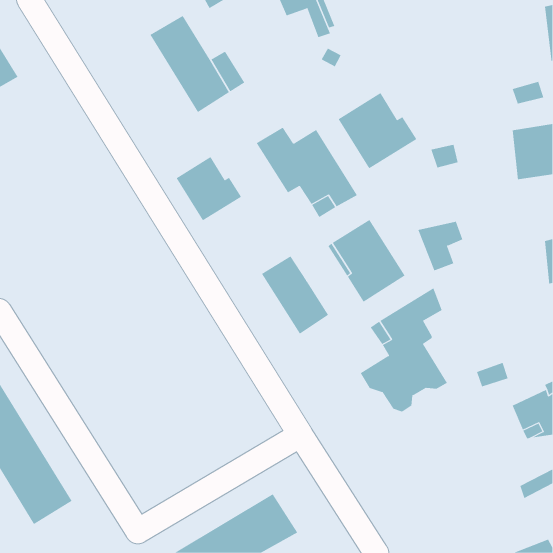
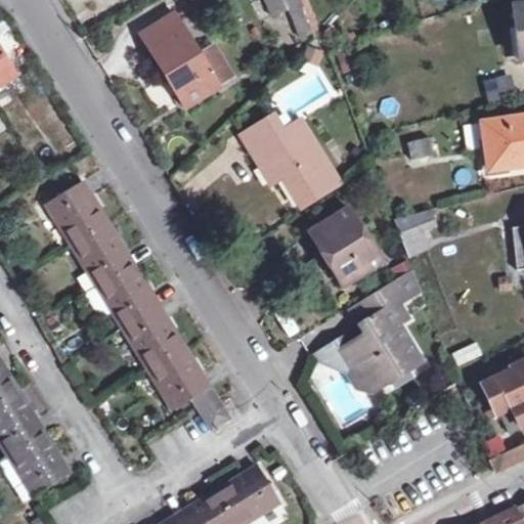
building: [338,92,417,169] -> none
building: [176,156,242,221] -> none
building: none -> [44,176,228,427]
building: [261,255,329,334] -> none

